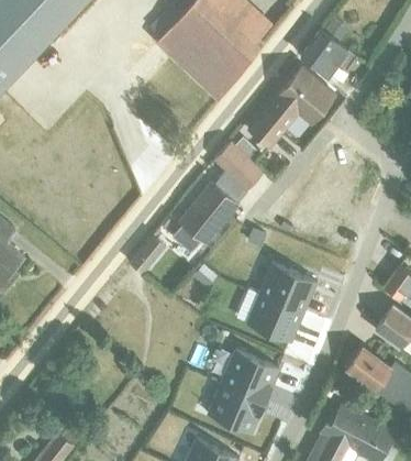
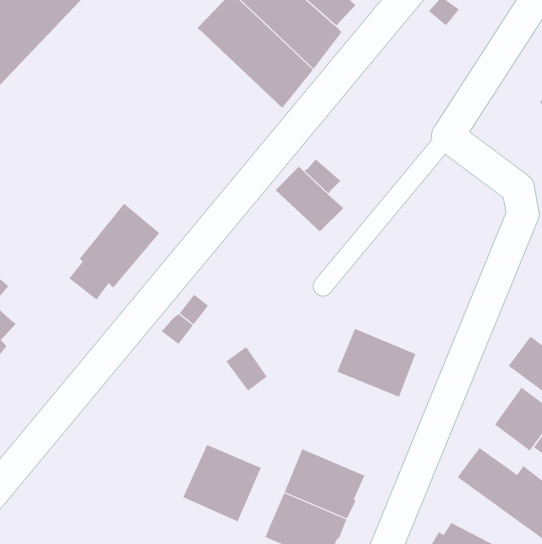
building: [300,30,369,84] -> none
building: [247,66,335,149] -> none
building: [170,180,237,252] -> [68,203,160,301]
building: [245,293,303,341] -> none
building: none -> [183,444,261,522]

